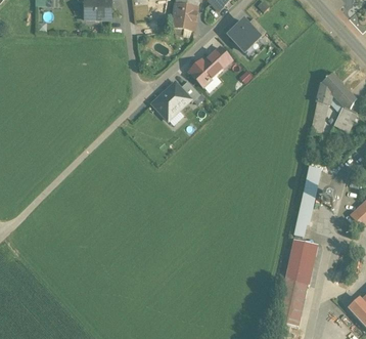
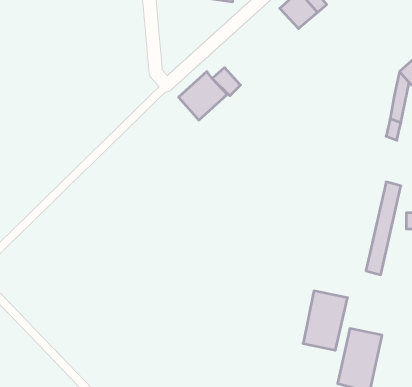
building: [189,47,233,86] -> none
building: [283,238,317,283] -> [303,291,348,350]

